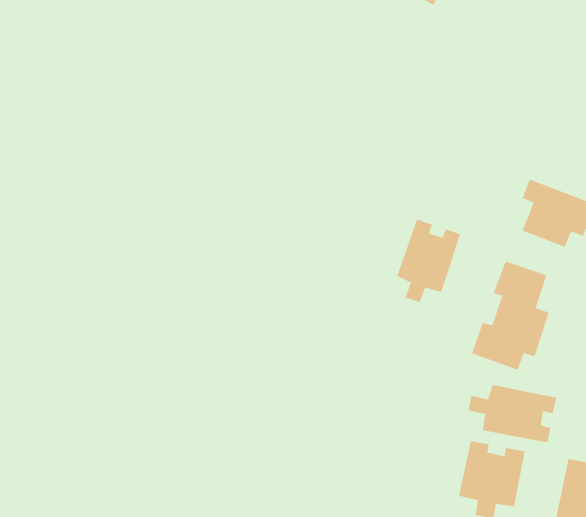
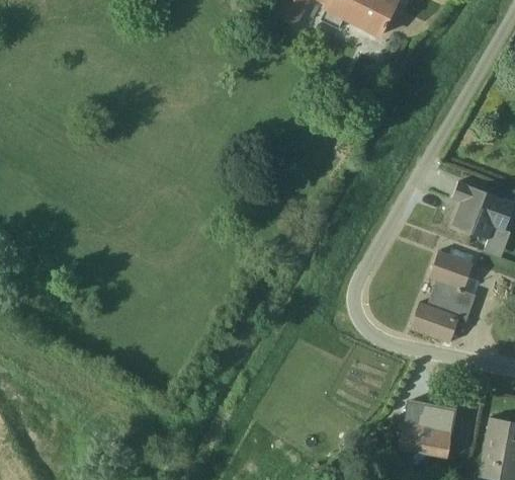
building: [396,218,461,303] -> none
building: [468,384,557,443] -> none

